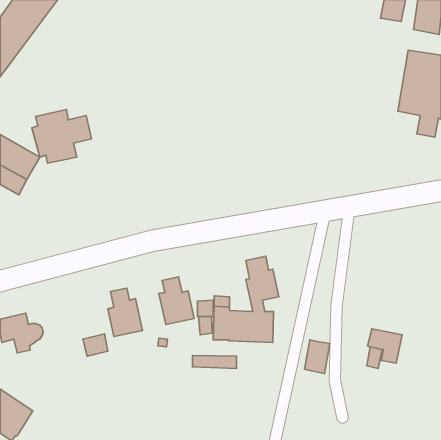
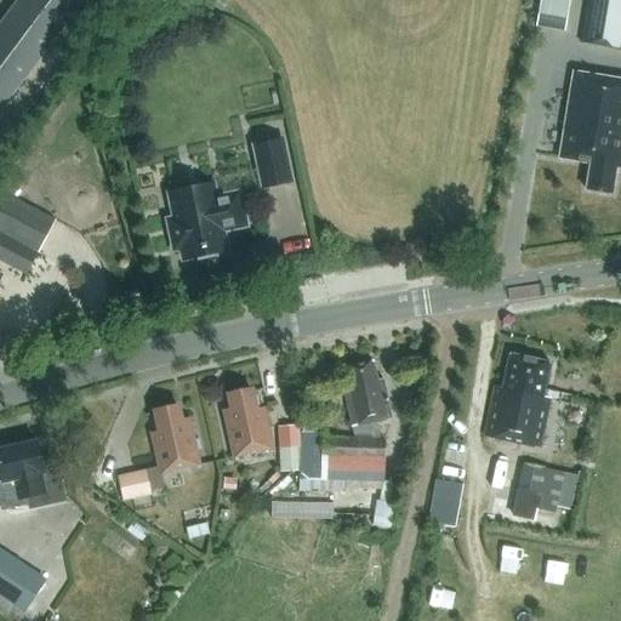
building: none -> [253,139,291,187]
building: [32,110,91,163] -> [163,183,246,258]
building: none -> [484,353,551,448]

